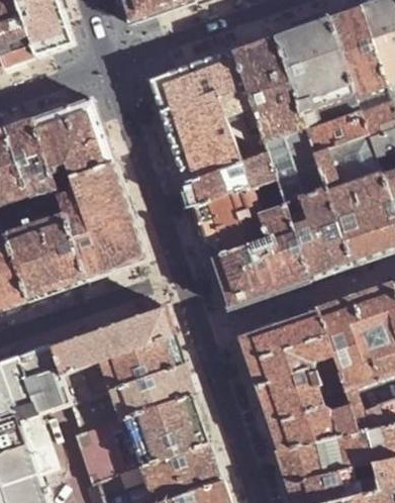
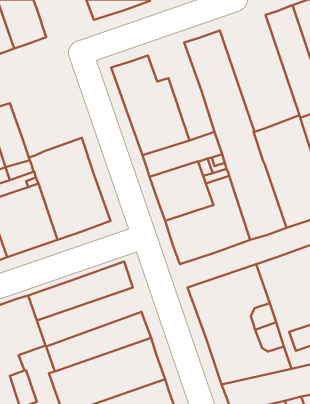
building: [274,18,367,155] -> none
building: [190,51,268,165] -> none
building: [29,99,113,185] -> none
building: [61,336,183,405] -> none

